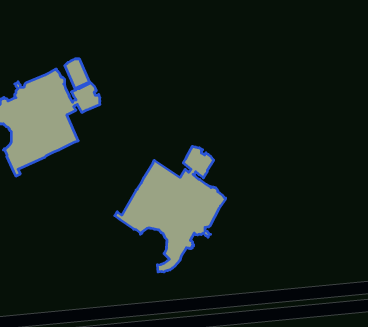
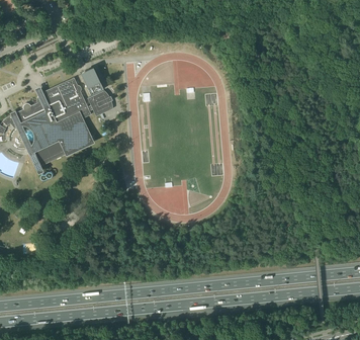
building: [115,146,226,272] -> none

